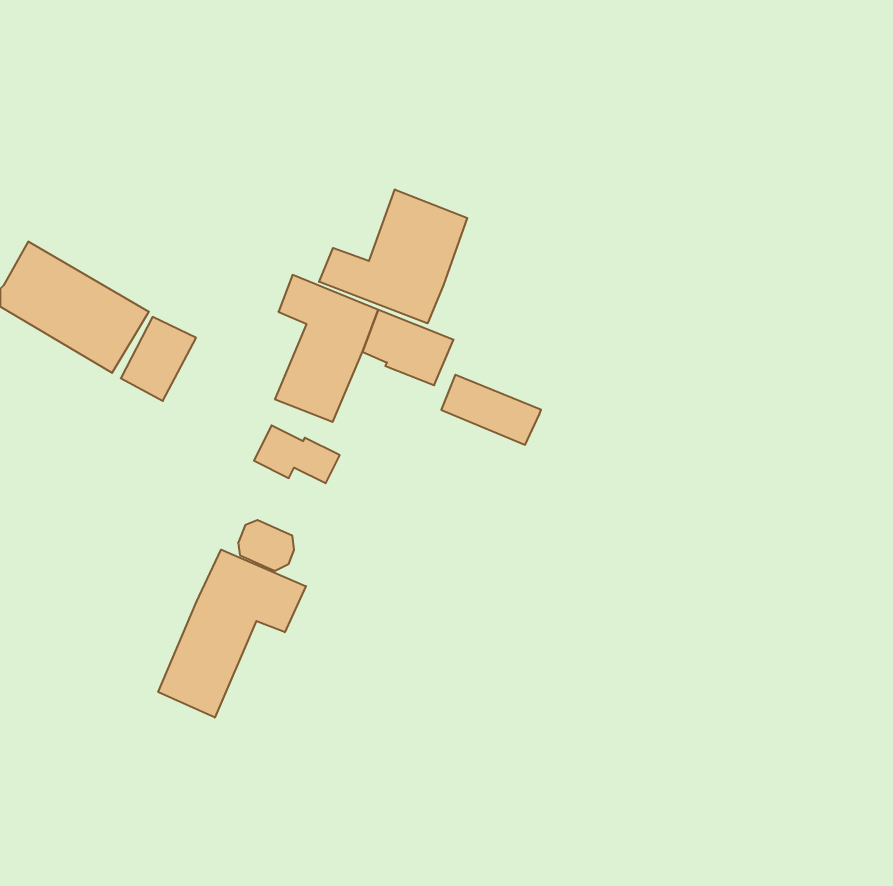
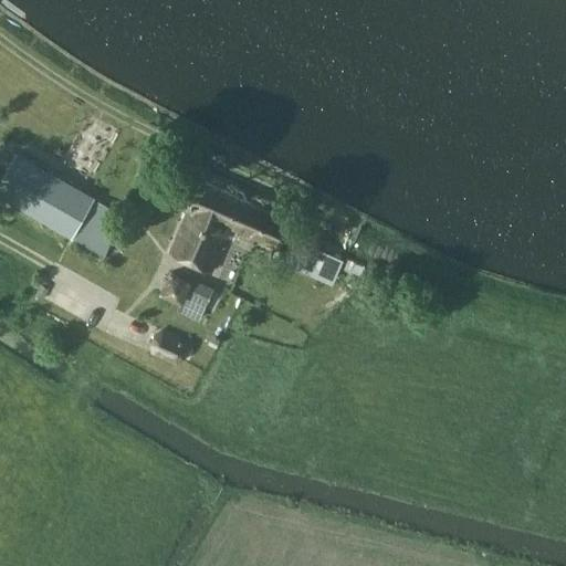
building: [319,189,467,323] -> none
building: [158,550,306,718] -> none

